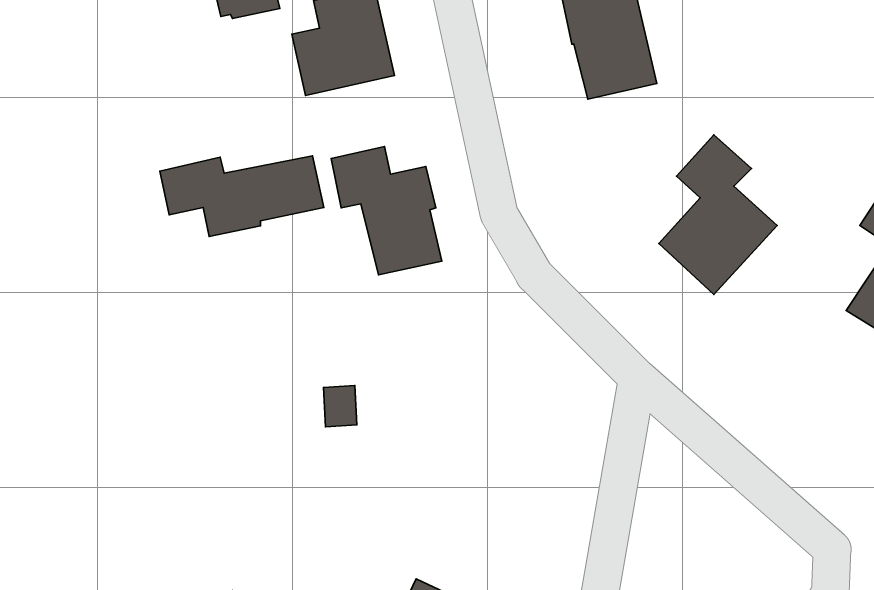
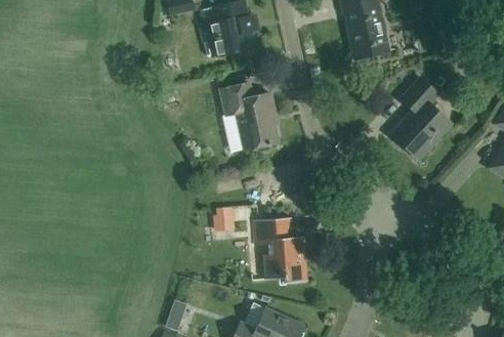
building: [160,156,324,237] -> none
building: none -> [253,217,308,283]

